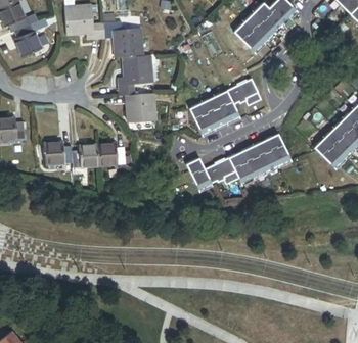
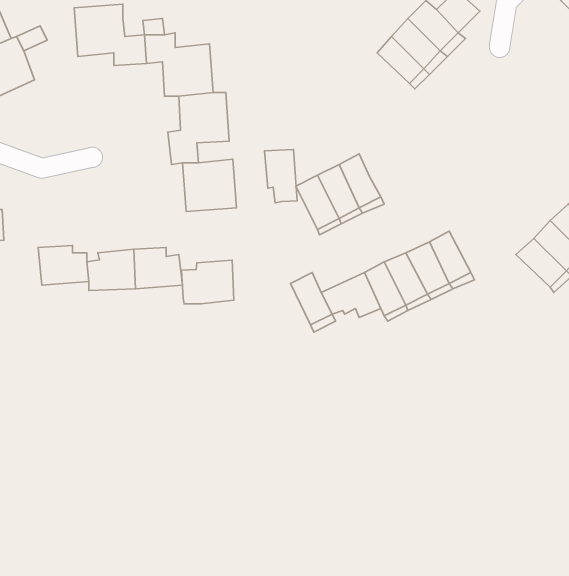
building: [226,79,261,104] -> none
building: none -> [264,150,297,203]
building: none -> [181,260,234,304]

